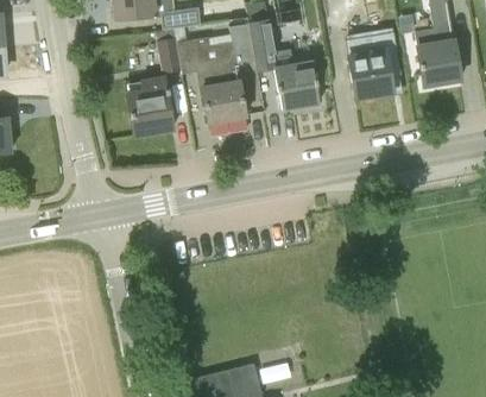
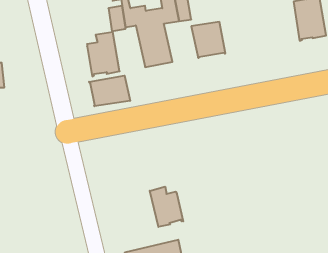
building: [347,38,393,97] -> none
building: none -> [89,76,130,106]
building: none -> [150,187,183,227]

